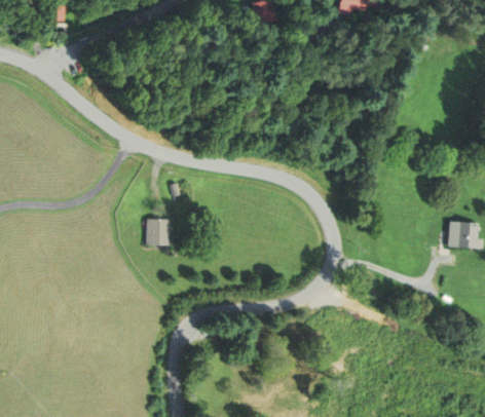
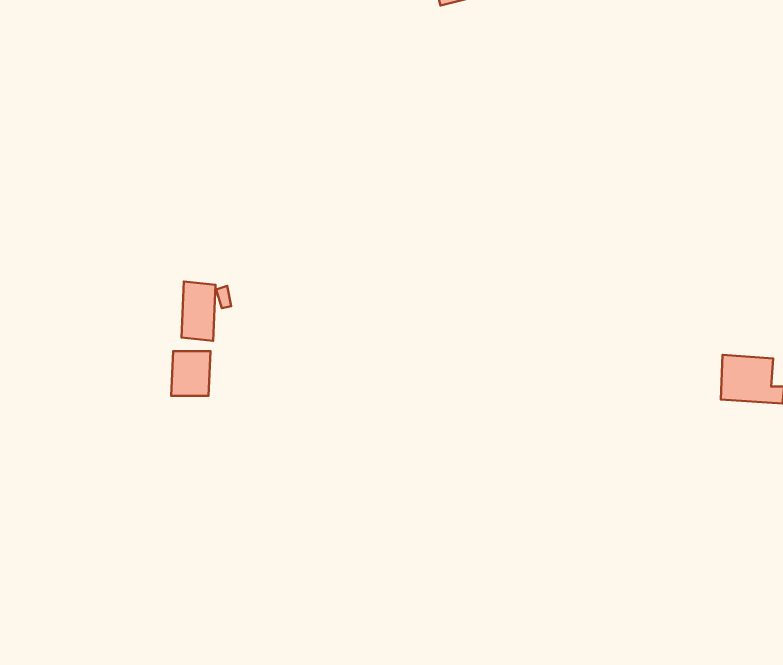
building: none -> [181,282,215,341]

